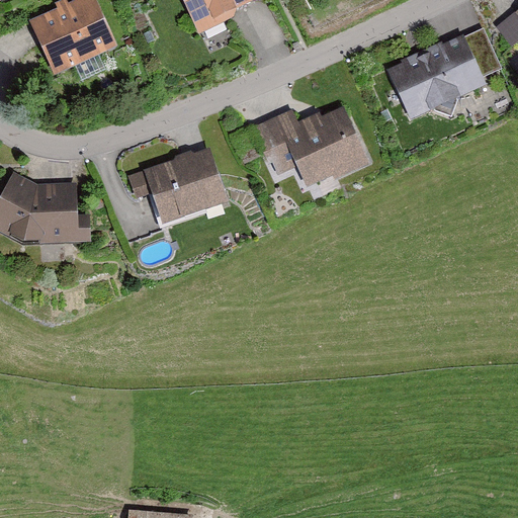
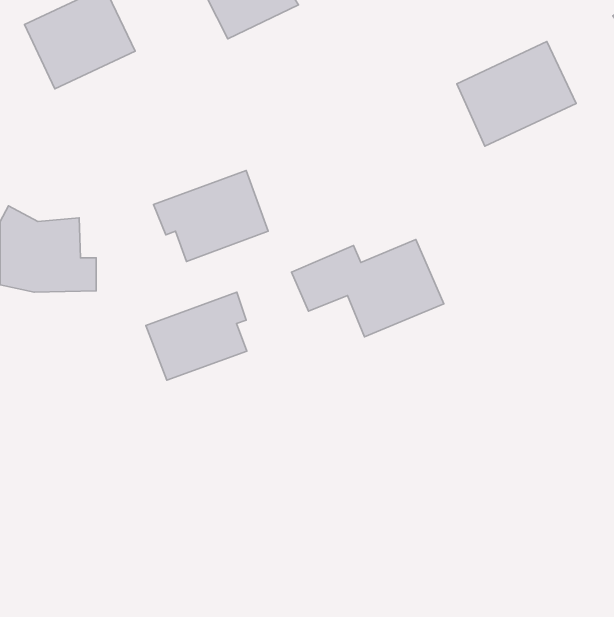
building: [243,108,369,189] -> [291,239,444,337]
building: none -> [146,292,247,380]

